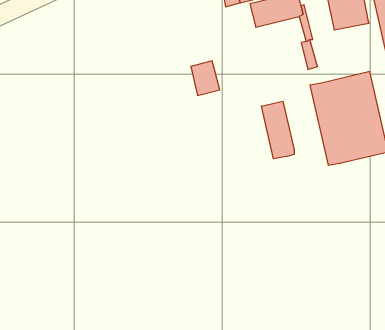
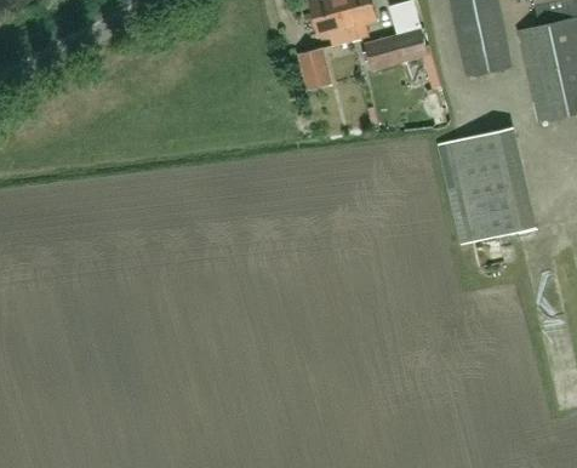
building: [191,61,220,96] -> [297,46,333,90]
building: [262,101,294,159] -> none

